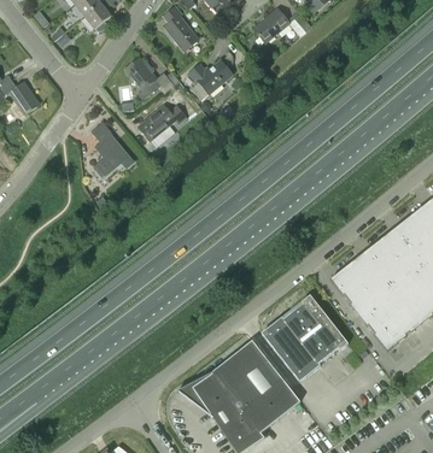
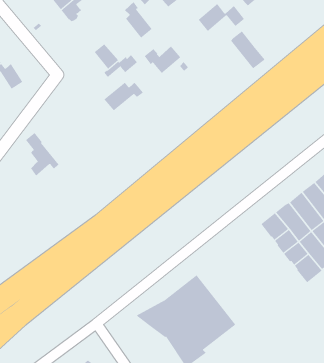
building: none -> [230,30,265,69]
building: [90,120,133,175] -> [25,132,59,176]
building: [262,294,349,381] -> none

